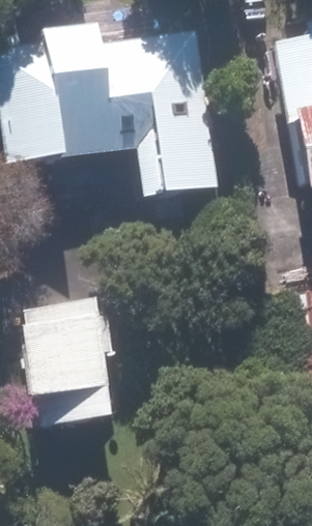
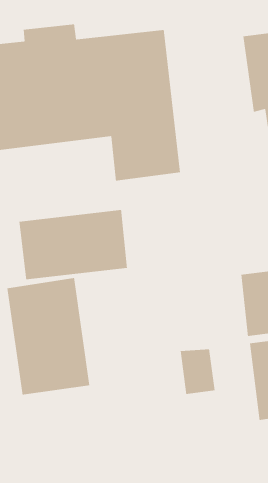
building: none -> [19,209,127,280]

